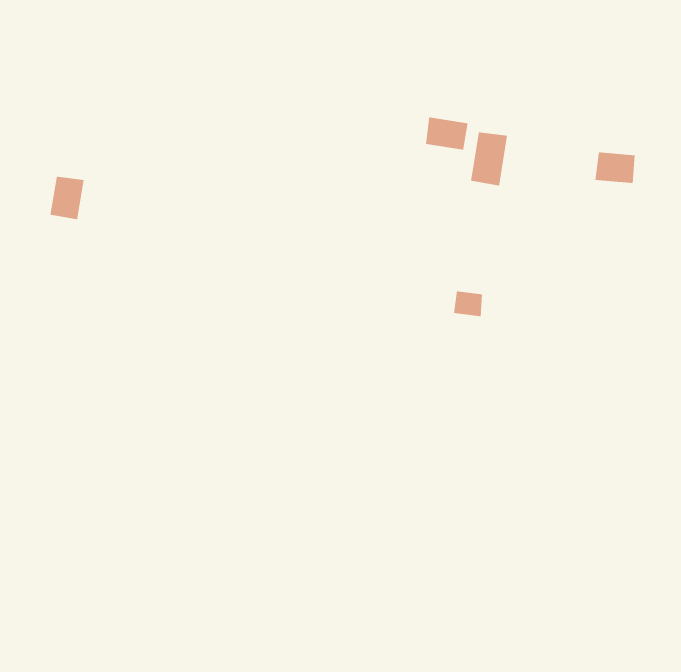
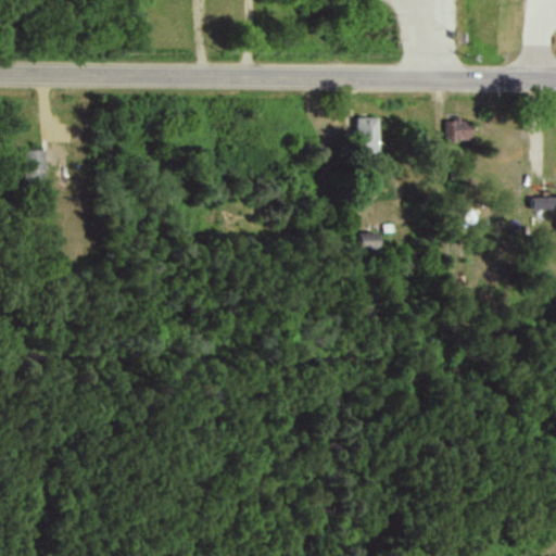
building: [426,117,468,151] -> none
building: [50,176,84,220] -> [25,150,47,179]

